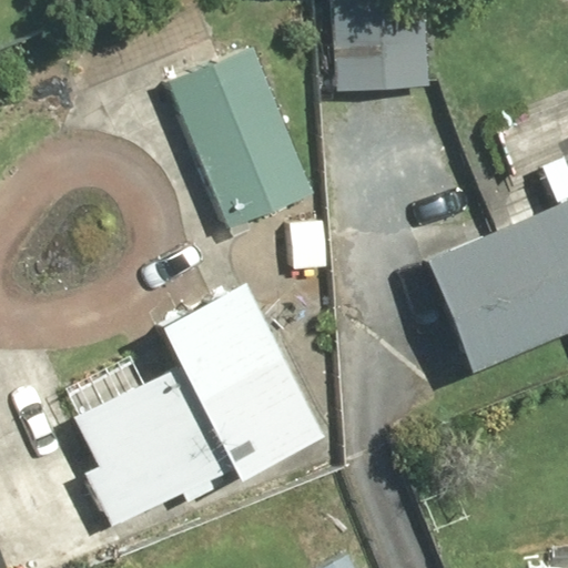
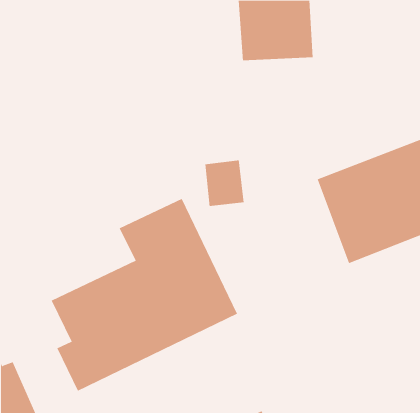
building: [171,52,316,234] -> none

